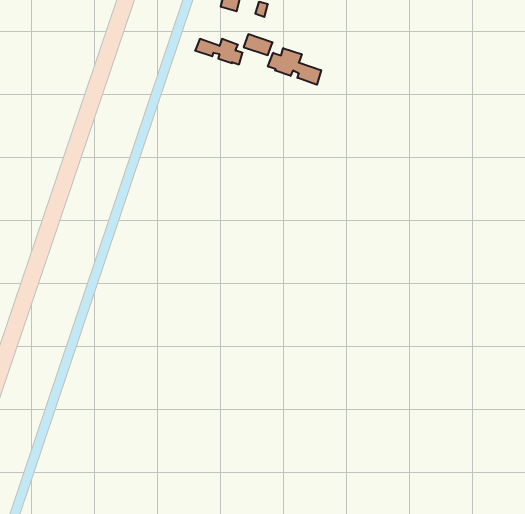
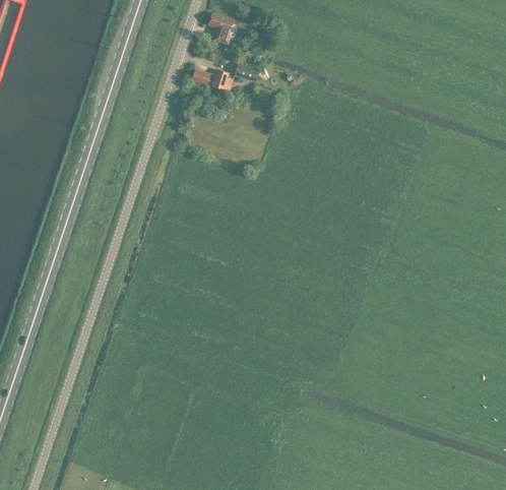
building: [268,48,321,85] -> none

